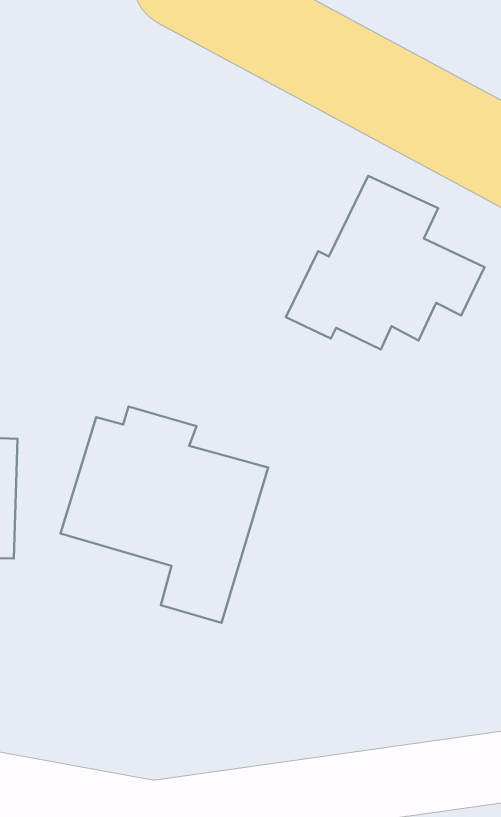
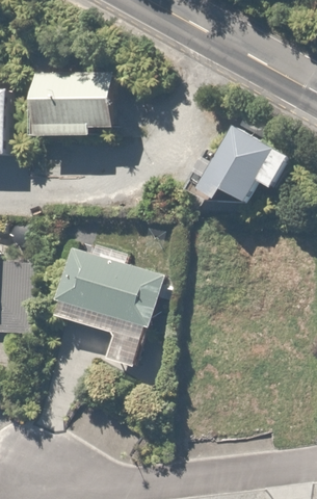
building: none -> [27,70,120,136]

